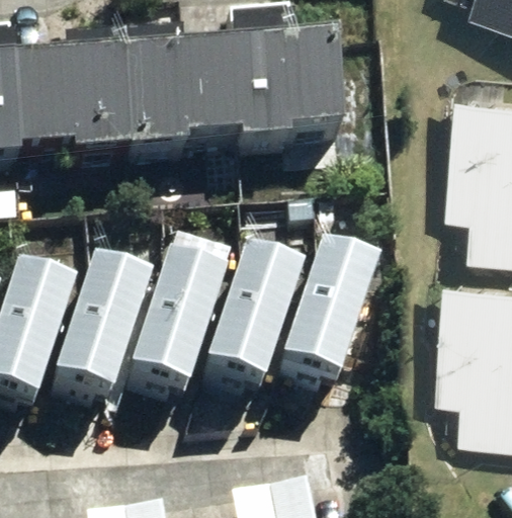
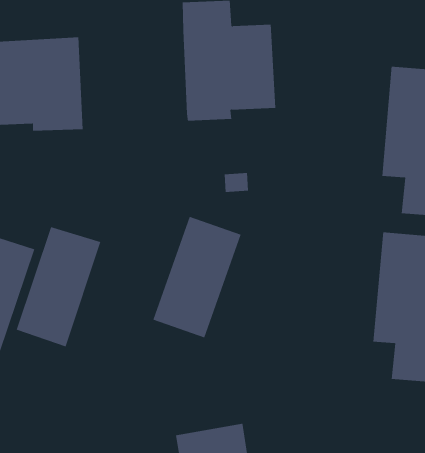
building: [122,38,241,148] -> none
building: [280,239,377,374] -> none
building: [129,249,223,382] -> none

